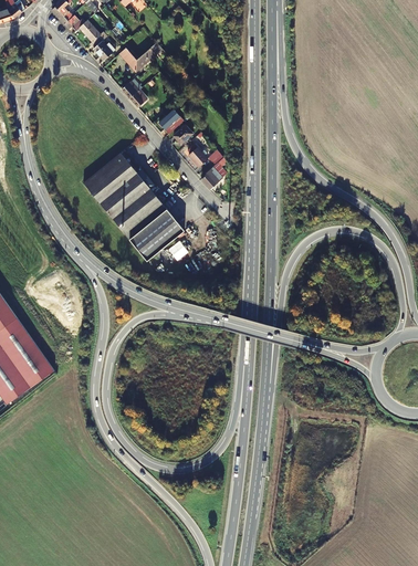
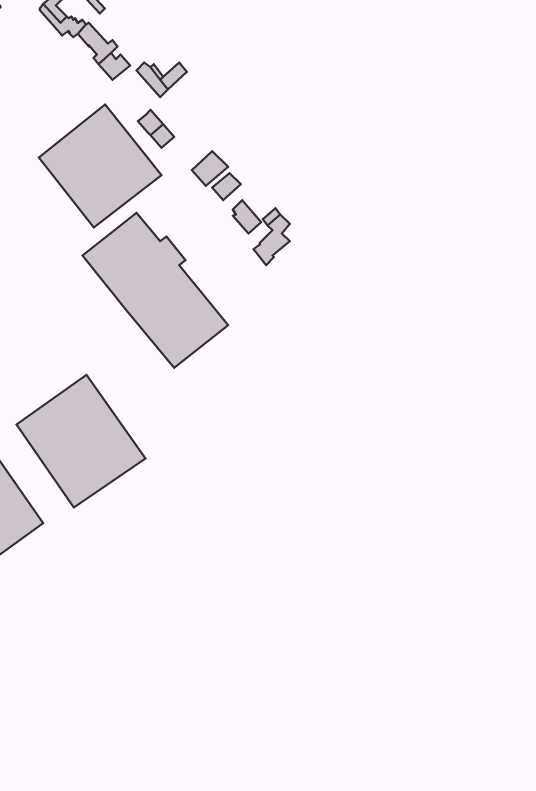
building: none -> [39,104,161,228]
building: none -> [16,375,146,507]

